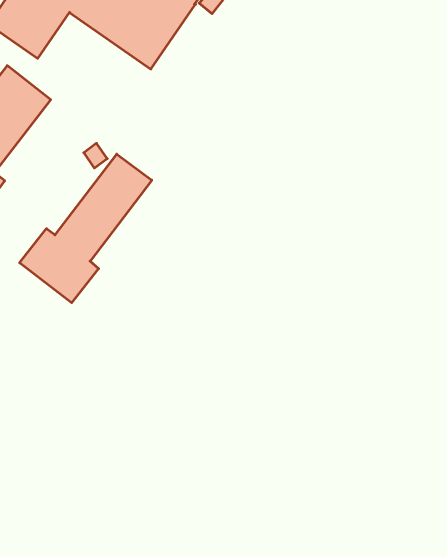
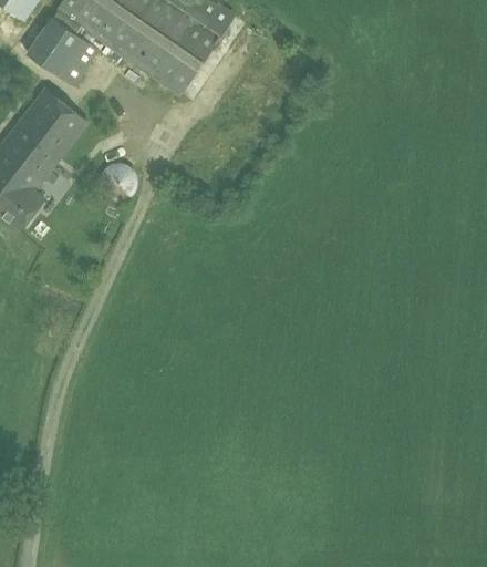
building: [20,154,152,303] -> none

